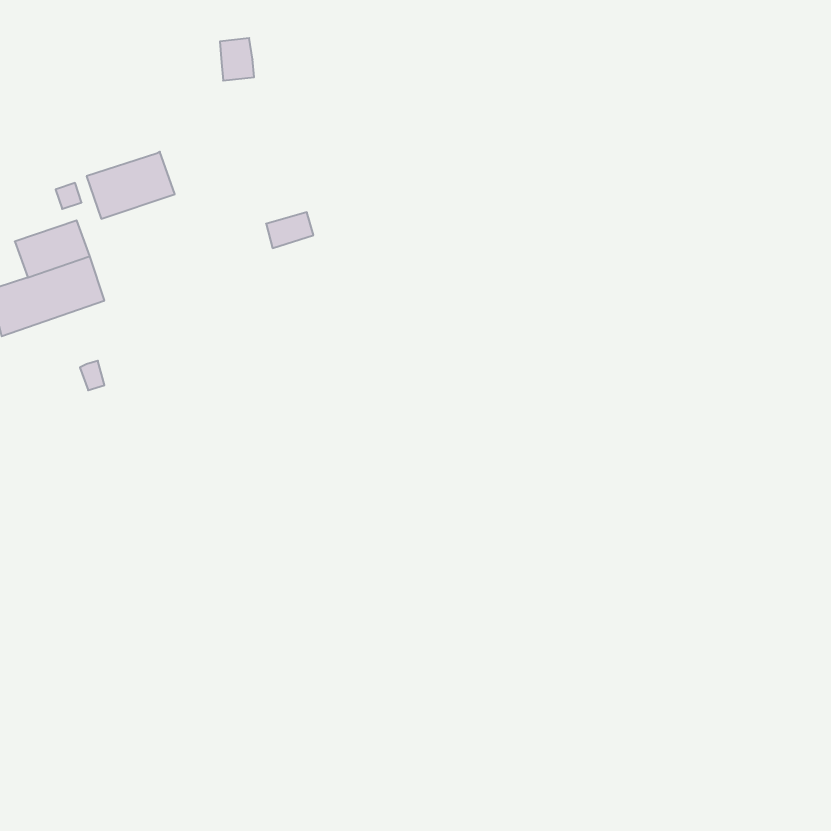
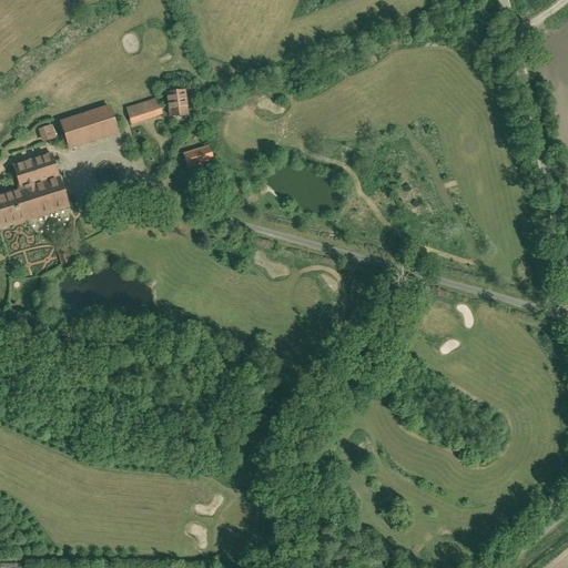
building: [220,38,254,81] -> [166,89,190,118]
building: none -> [124,97,162,124]

